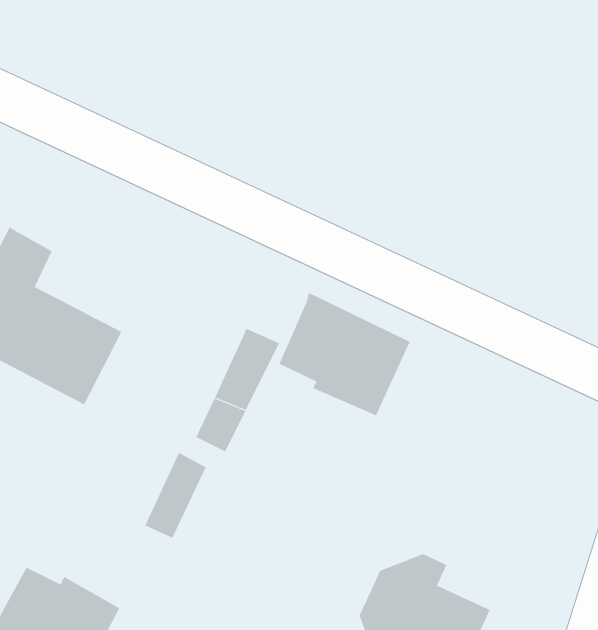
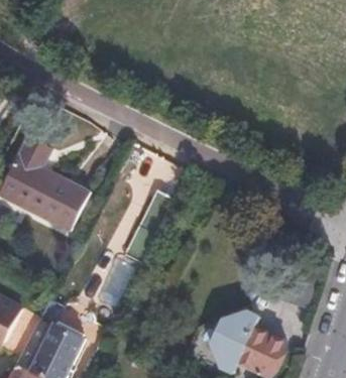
building: [279,292,411,416] -> none

